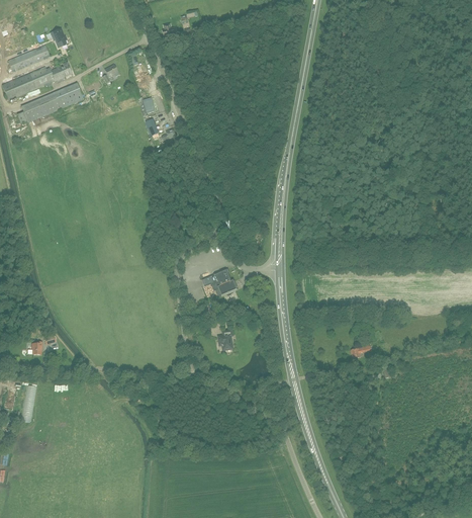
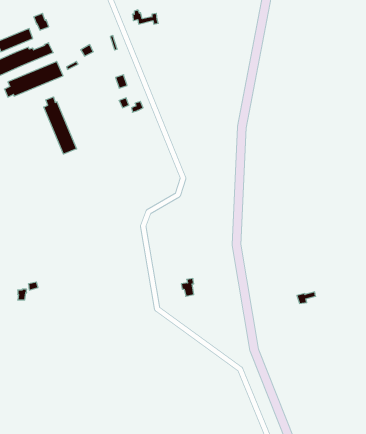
building: none -> [44,97,77,154]
building: [203,268,237,294] -> none

